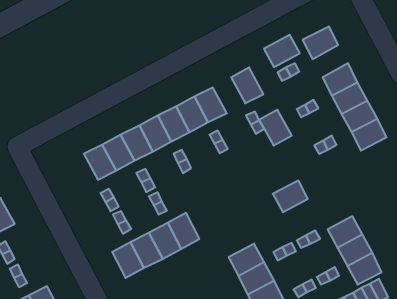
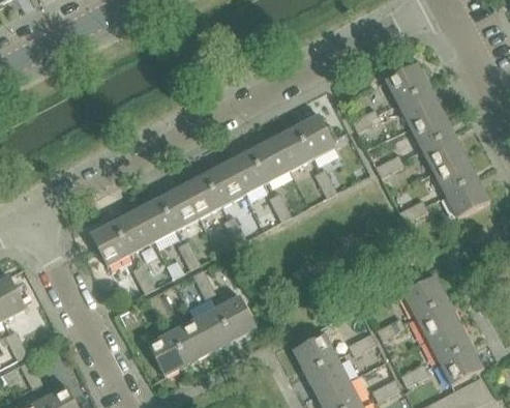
building: [264,35,300,67] -> [397,86,442,126]
building: [259,110,292,146] -> [273,126,313,171]
building: none -> [90,222,130,266]
building: [273,181,308,212] -> [403,276,447,316]

